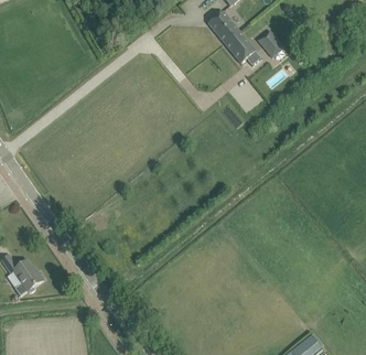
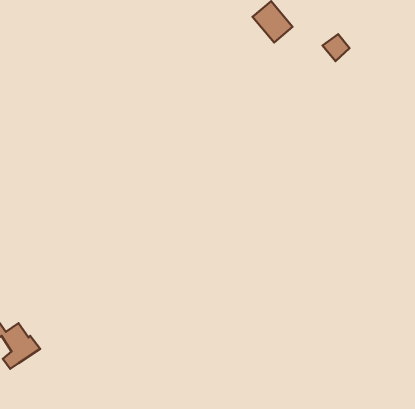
building: [223,30,254,62] -> none

